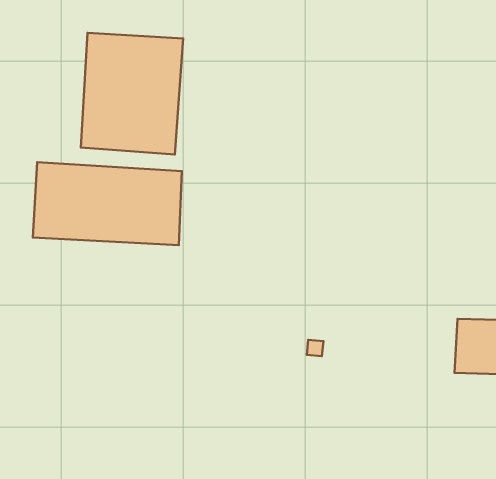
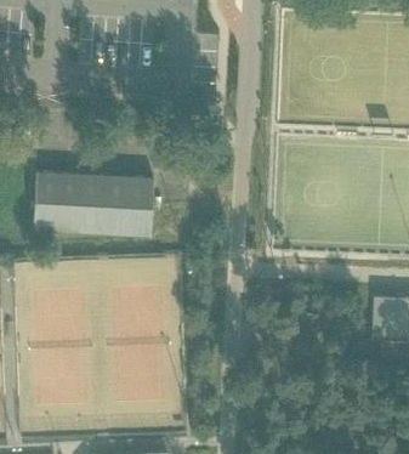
building: [81,33,183,154] -> none

